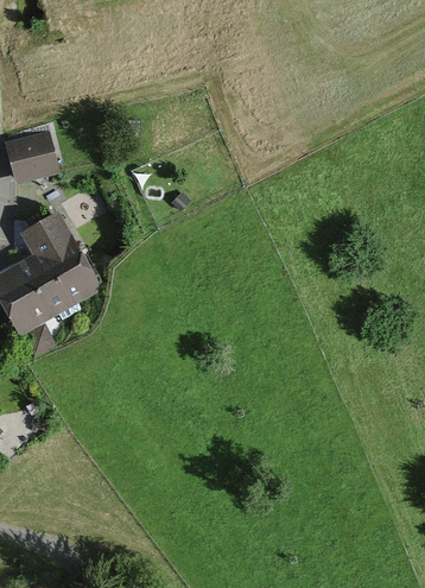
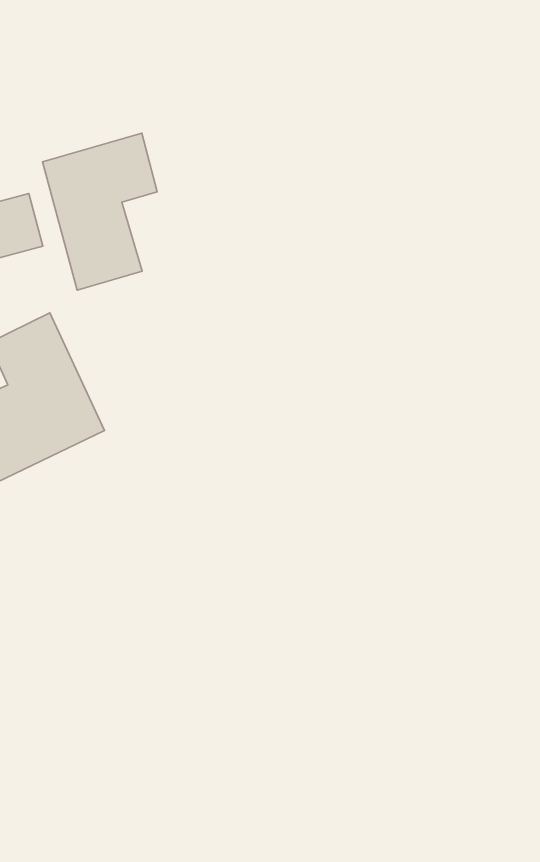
building: none -> [42,133,157,290]

